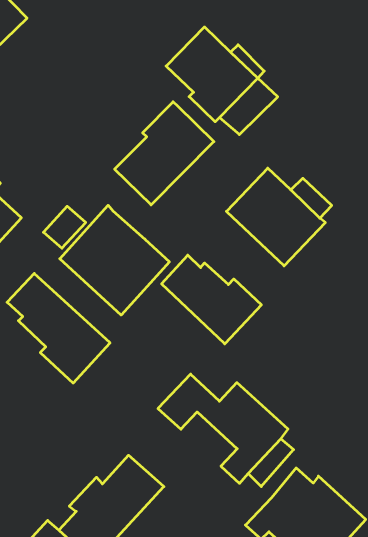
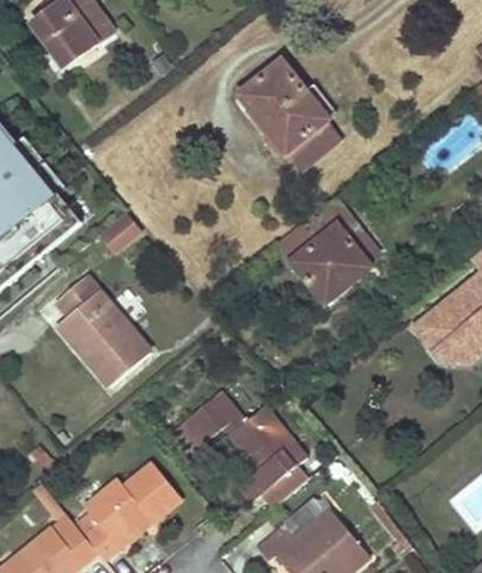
building: [115,102,214,205] -> none
building: [60,205,169,315] -> none
building: [162,255,261,344] -> none

